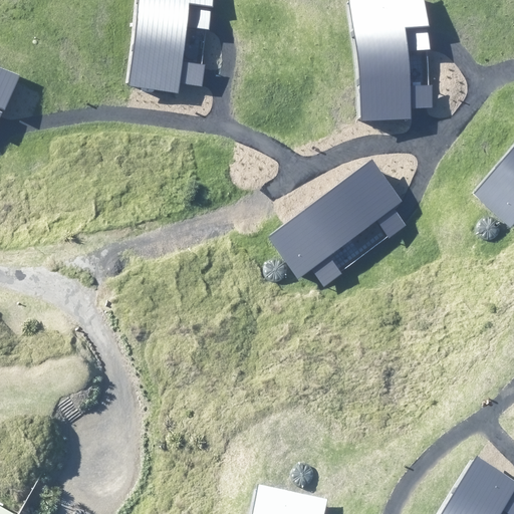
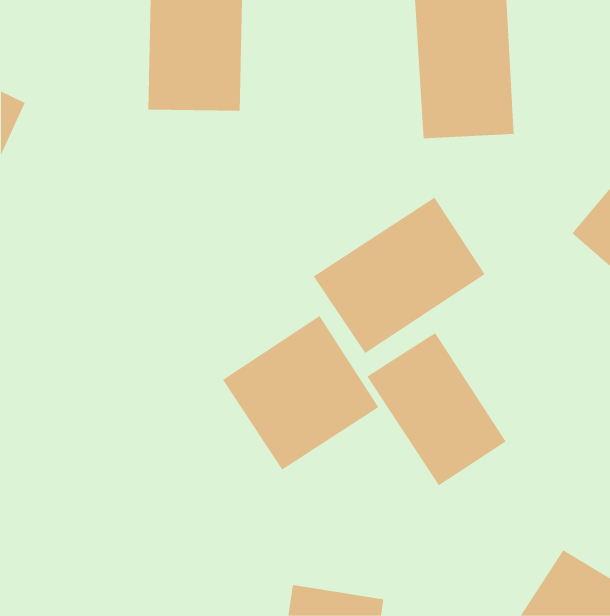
building: none -> [222,315,379,471]
building: none -> [366,332,507,486]

